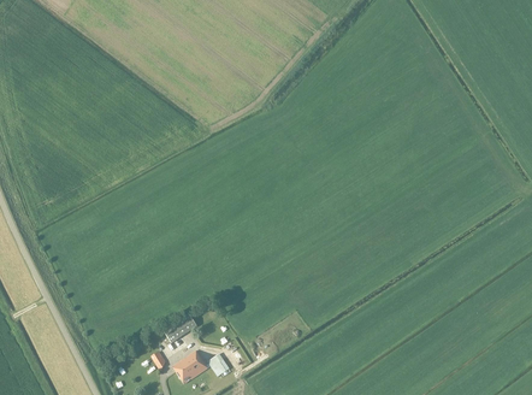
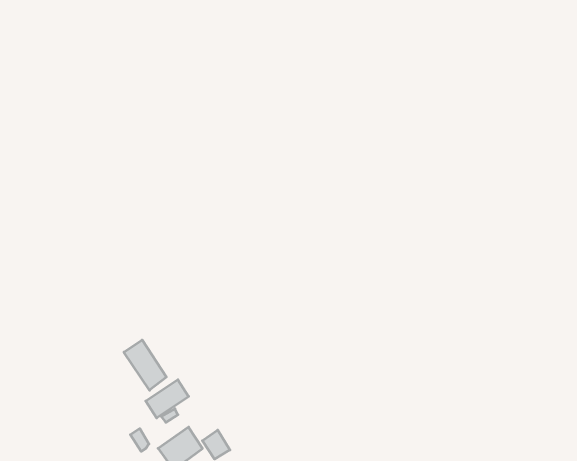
building: none -> [124,340,166,390]

